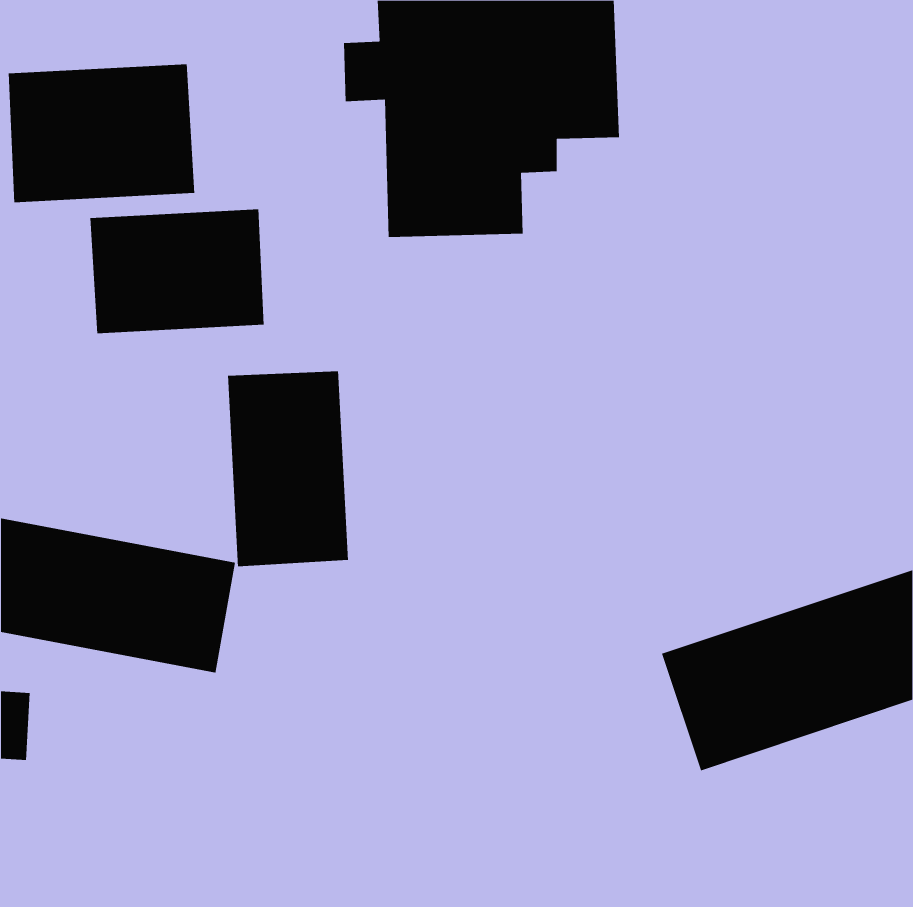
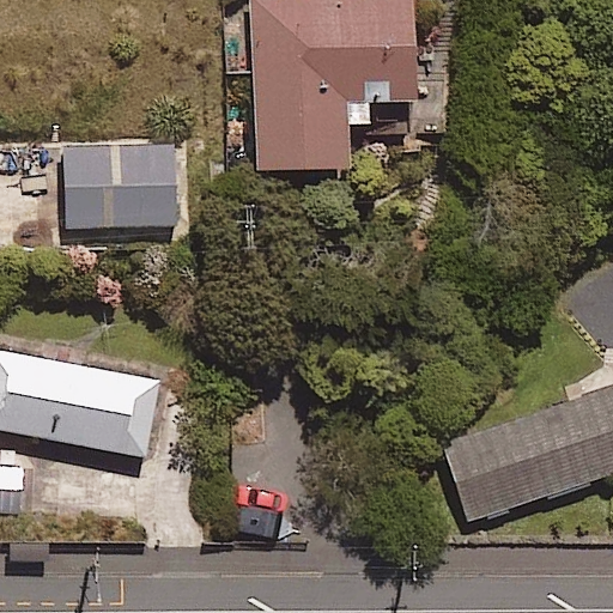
building: [8,63,195,203] -> none
building: [227,370,349,567] -> none

